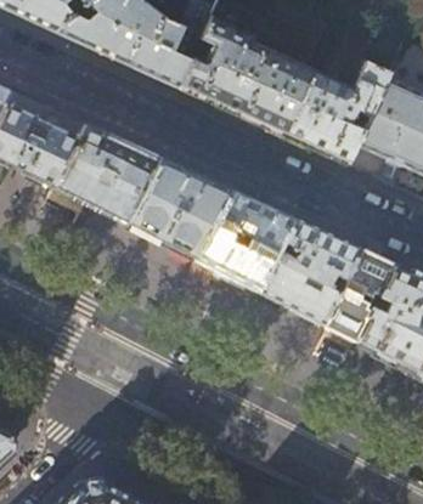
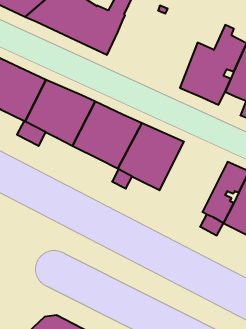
building: [182,17,318,140] -> none
building: [261,221,363,327] -> none

